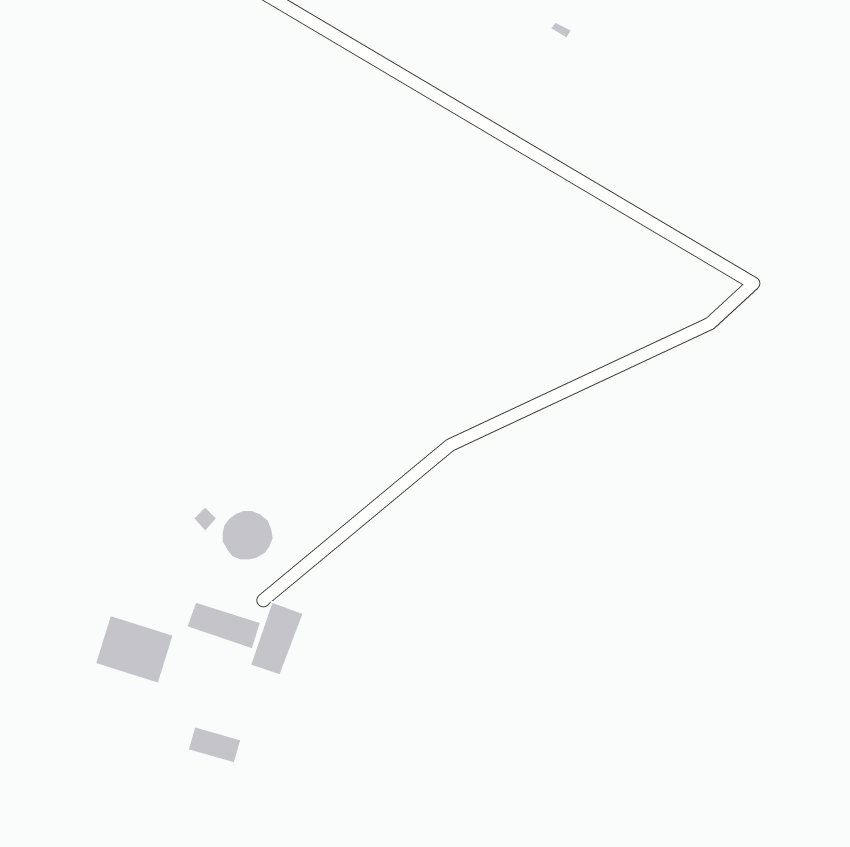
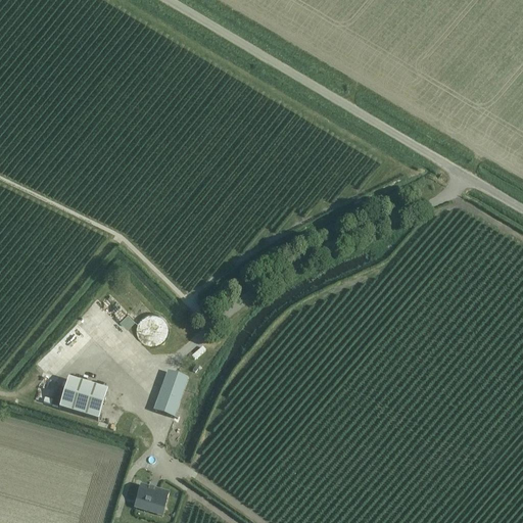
building: [187,602,261,649] -> none
building: [188,726,241,763] -> [136,483,169,506]

